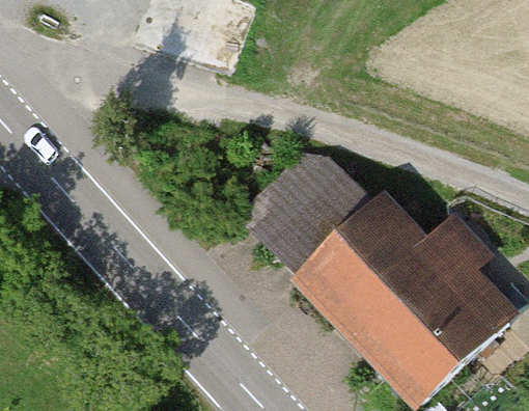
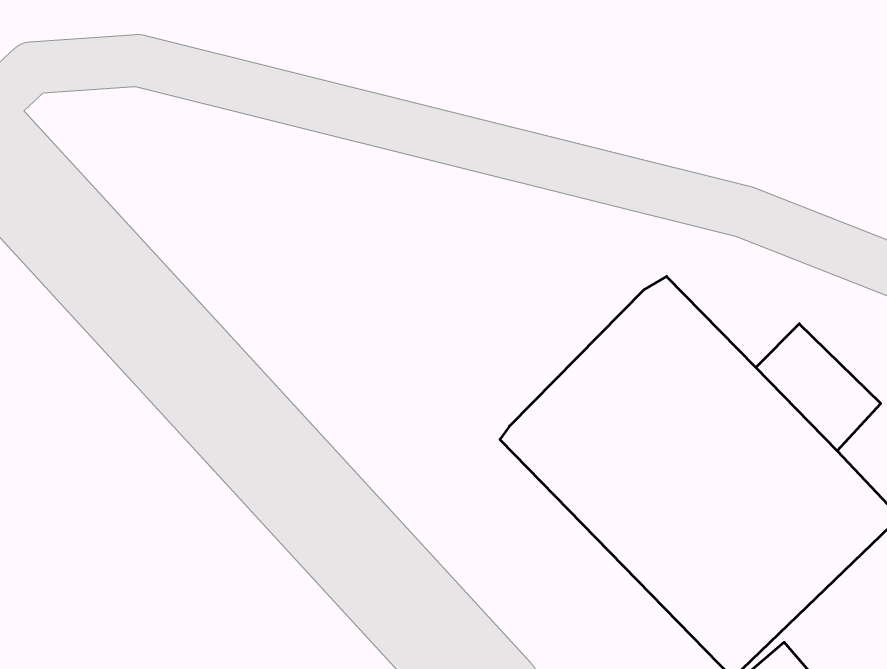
building: [243,155,365,266] -> none

